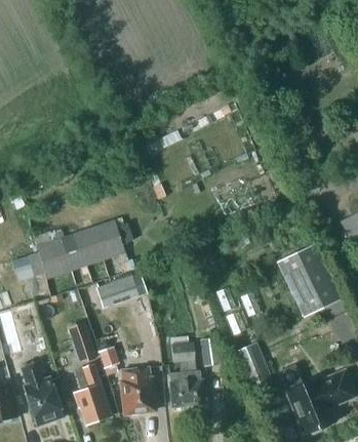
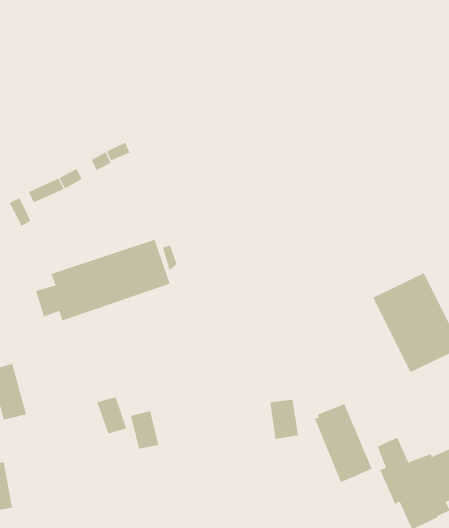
building: [95,272,145,307] -> none
building: [169,341,203,405] -> none
building: [21,361,66,427] -> none
building: [73,364,110,424] -> none
building: [120,368,153,415] -> none

